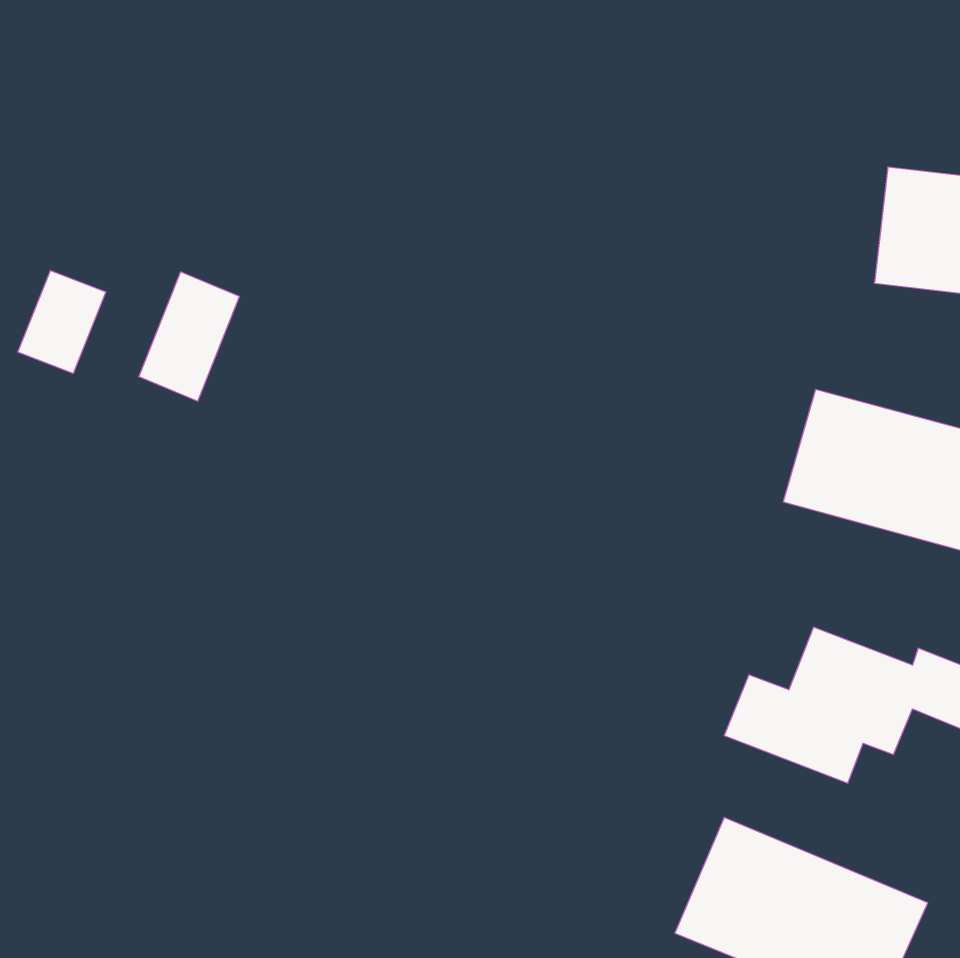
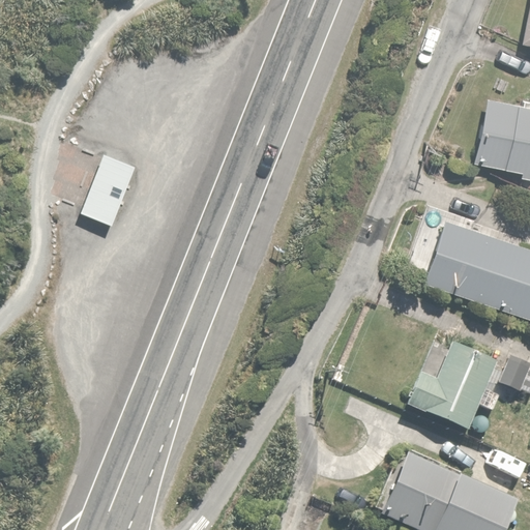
building: [18,270,106,373] -> none

